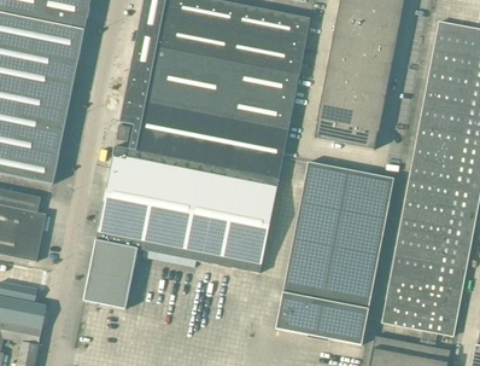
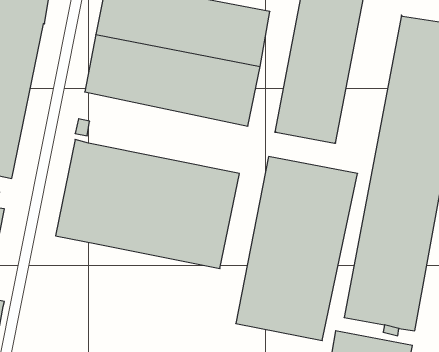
building: [121,97,287,178] -> none
building: [84,239,139,308] -> none

